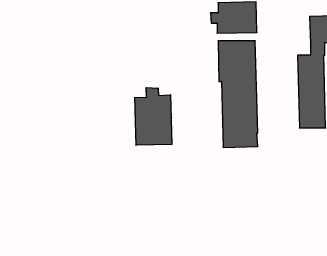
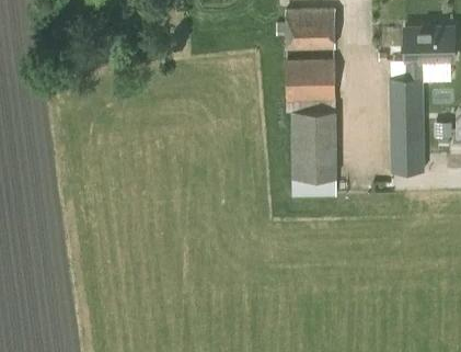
building: [135,88,172,145] -> none

